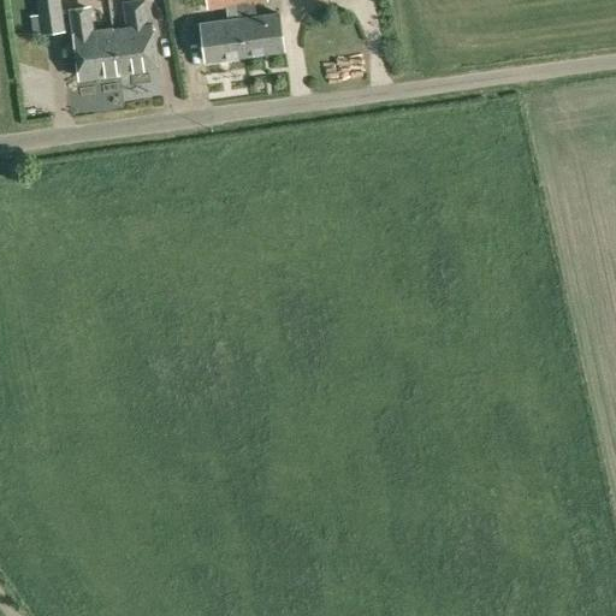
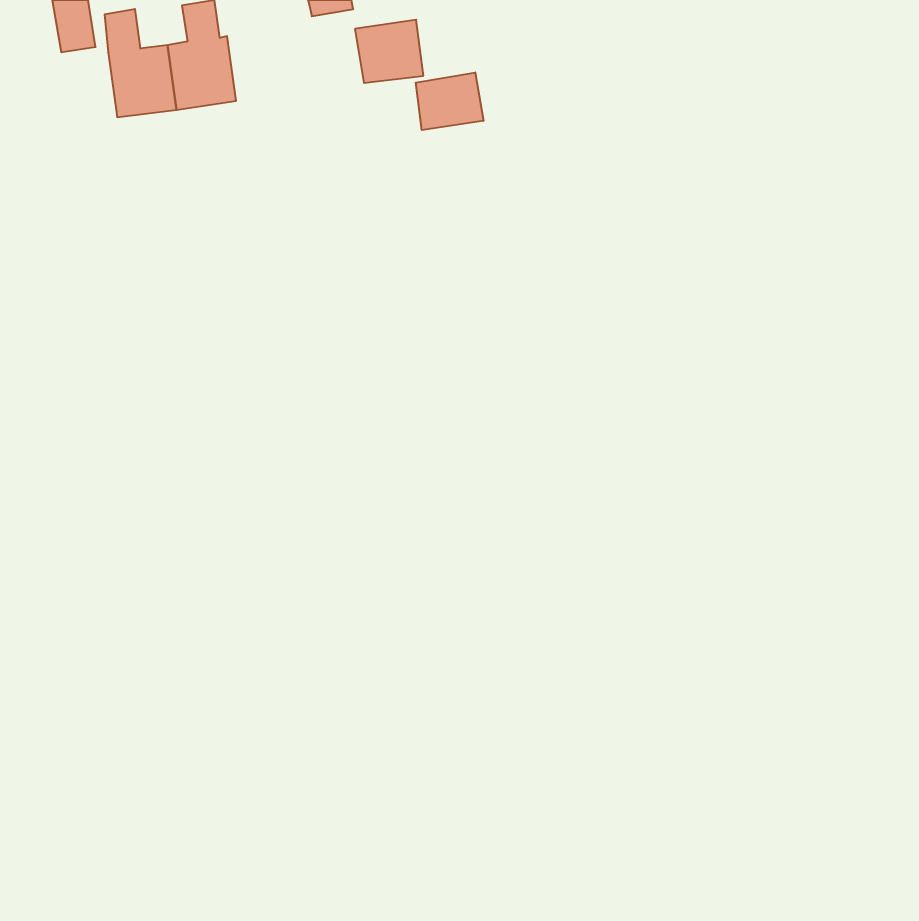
building: [200,19,243,61] -> none
building: none -> [416,72,483,130]

